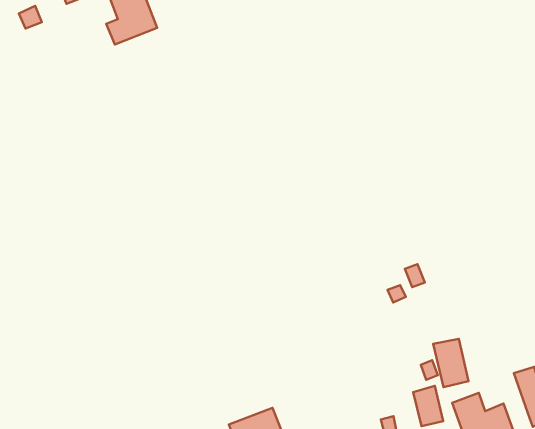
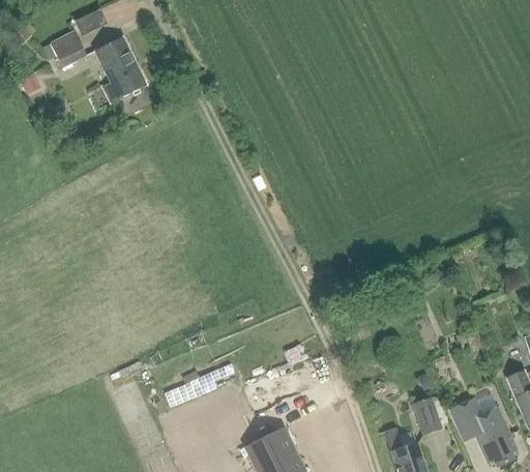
building: [433,339,469,387] -> none

